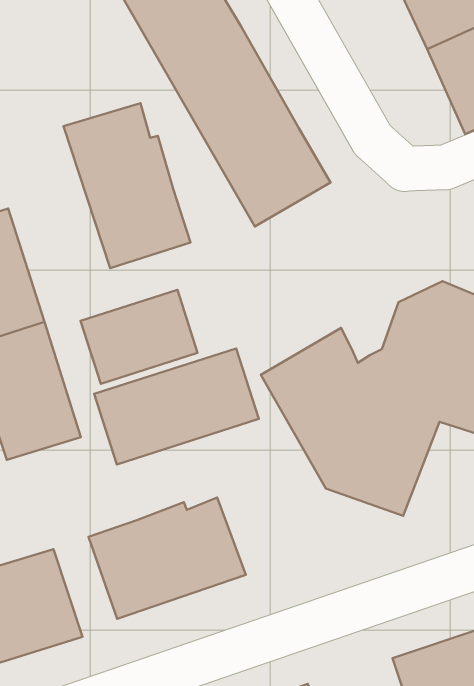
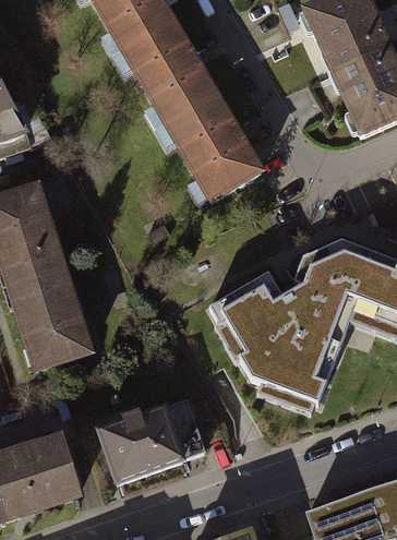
building: [64,103,191,268] -> none
building: [81,290,198,384] -> none
building: [94,348,259,464] -> none

